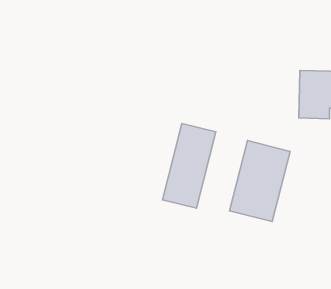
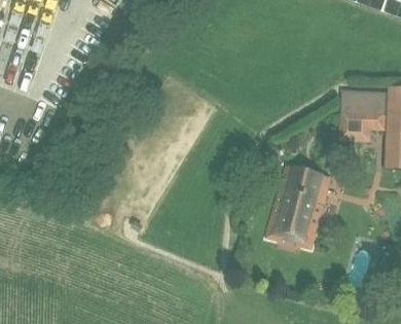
building: [163,123,216,208] -> none

